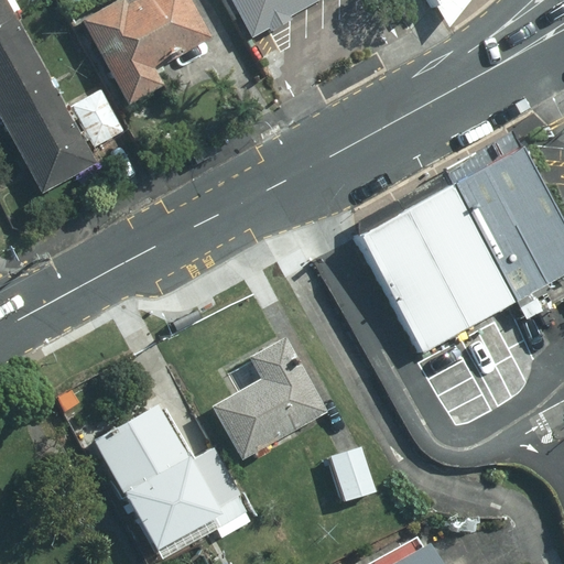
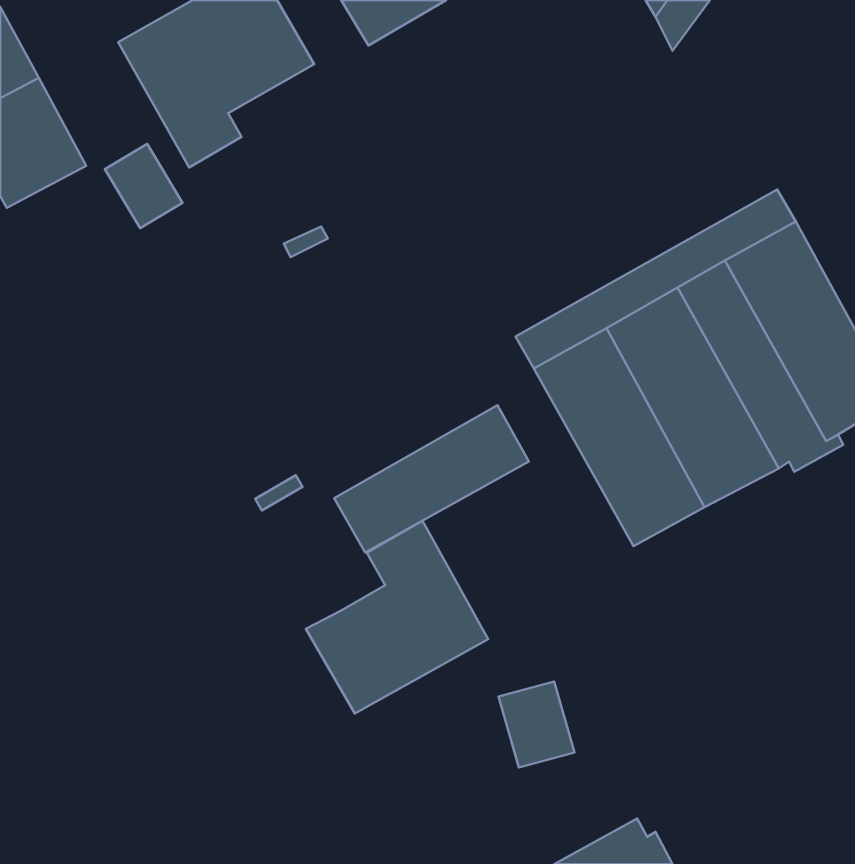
building: [10,108,93,193] -> none
building: none -> [334,405,529,553]
building: [97,403,250,550] -> none

